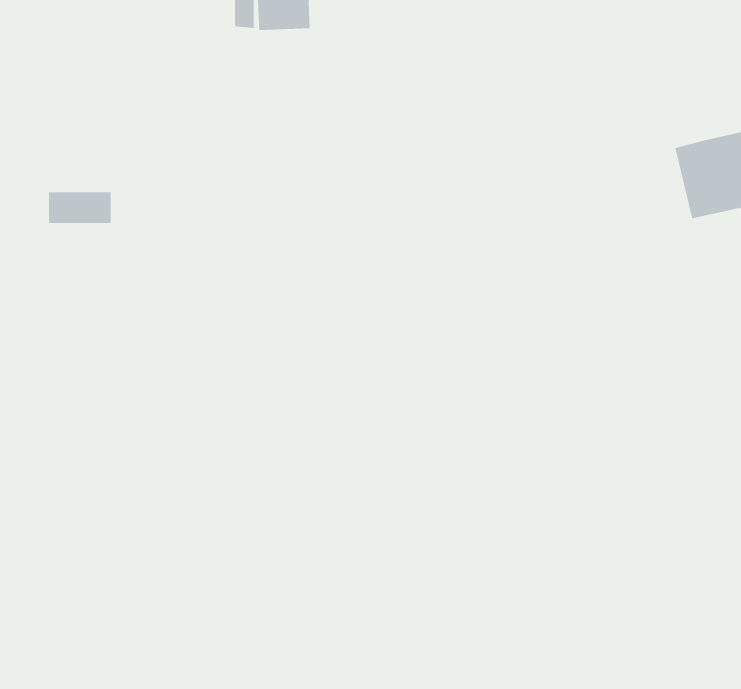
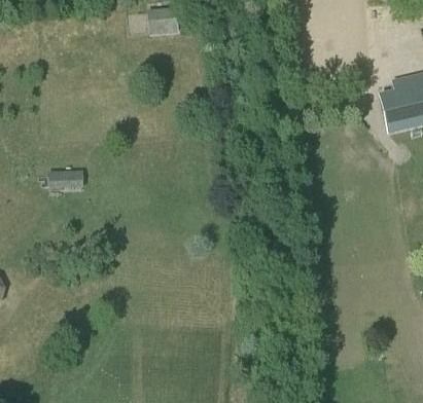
building: [48,192,112,223] -> [49,167,84,184]

